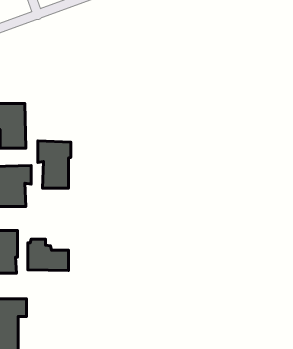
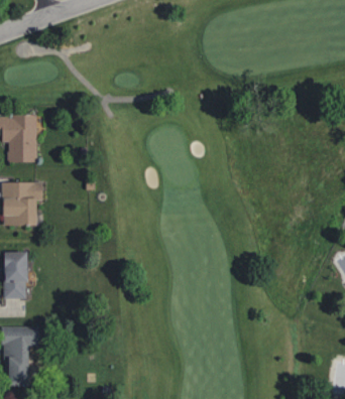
building: [38,141,71,188] -> none
building: [28,239,68,271] -> none

